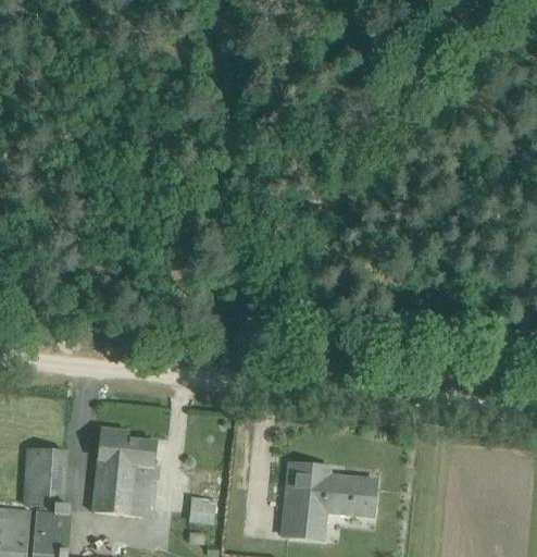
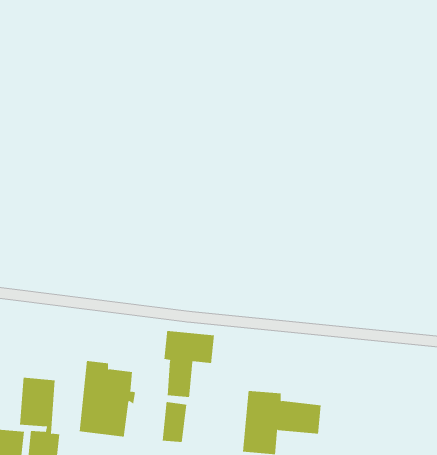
building: none -> [164,330,215,398]

